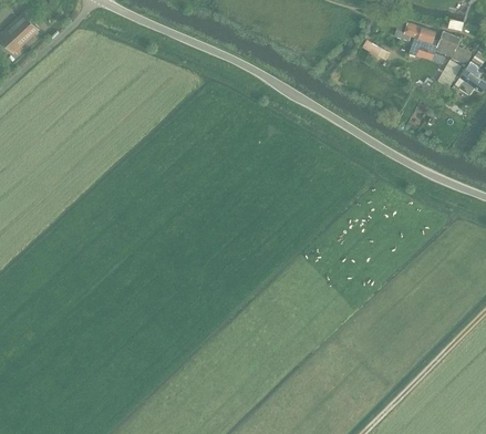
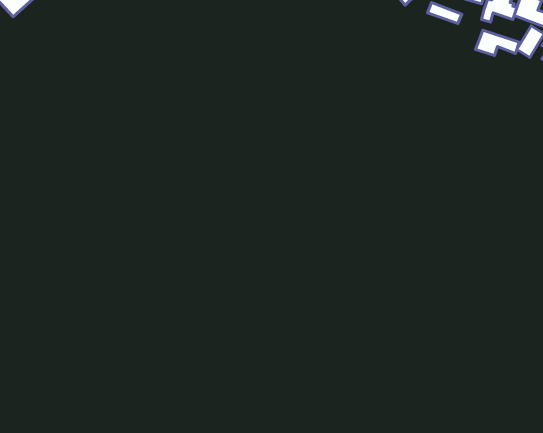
building: none -> [476,30,519,55]

